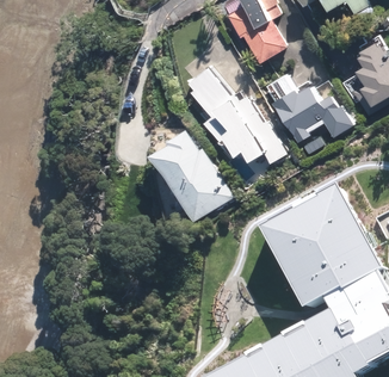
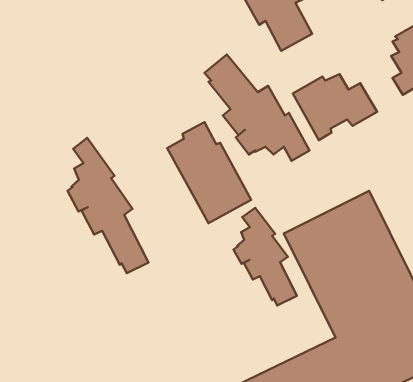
building: none -> [67,138,148,273]
building: none -> [234,208,297,306]

